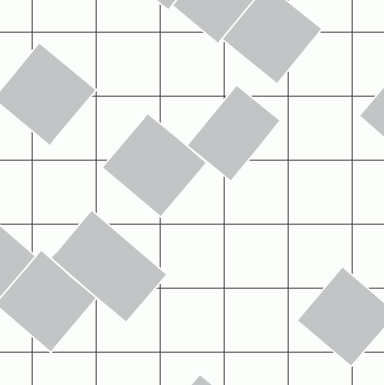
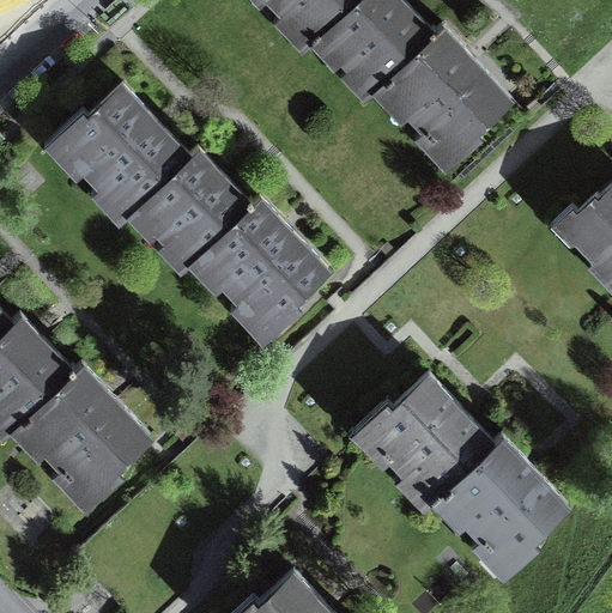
building: [187,85,280,181] -> none
building: none -> [122,146,249,272]
building: [51,210,167,323] -> none
building: none -> [351,369,498,517]

